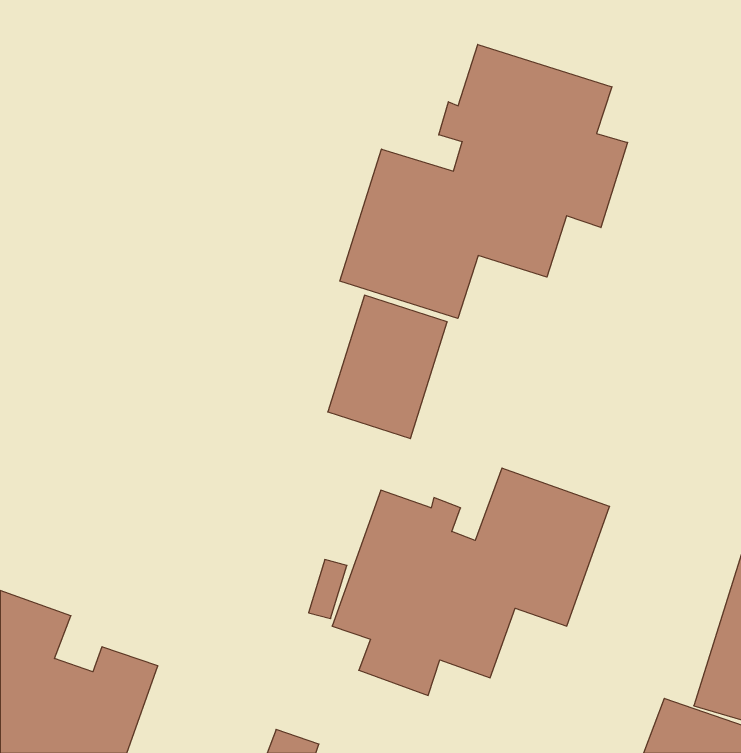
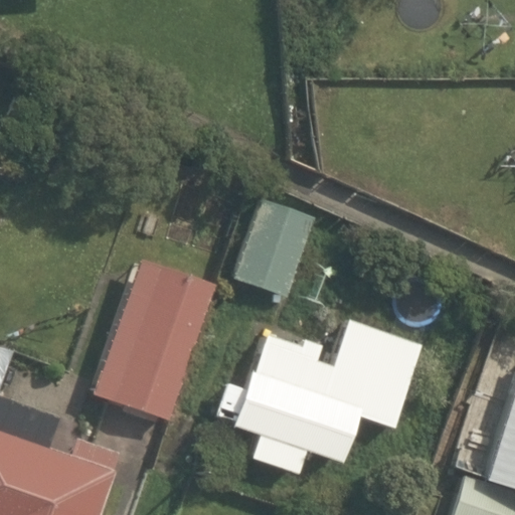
building: [340,44,628,318] -> none
building: none -> [91,260,216,422]

